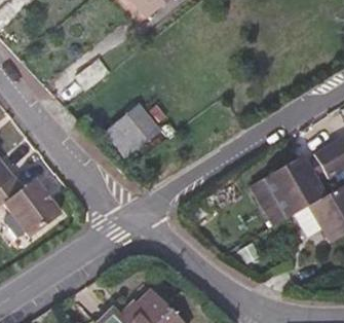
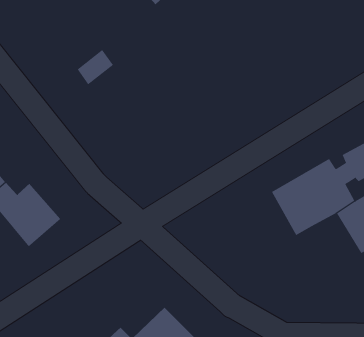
building: [103,98,162,157] -> none

